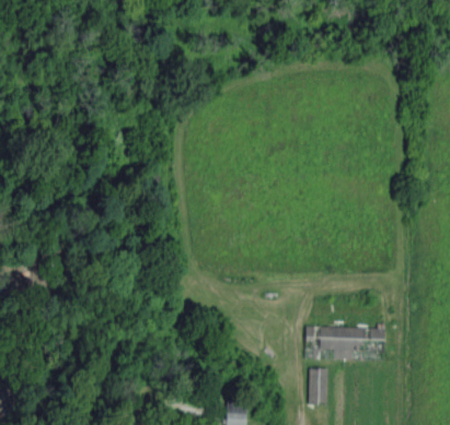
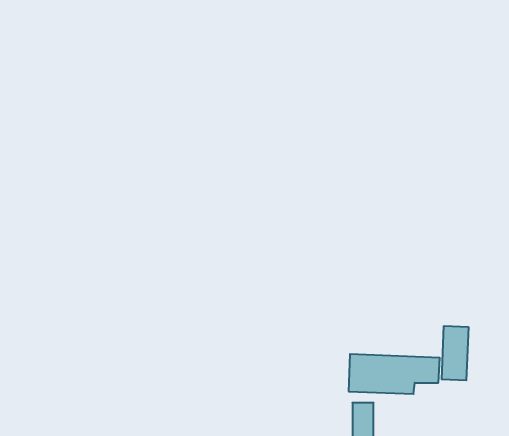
building: none -> [442,326,468,380]

